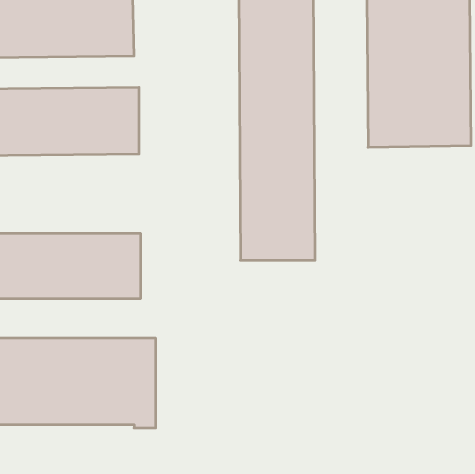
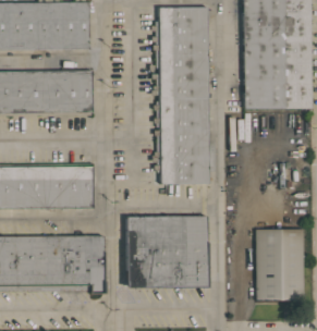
building: none -> [126,214,208,286]
building: none -> [256,229,305,301]

